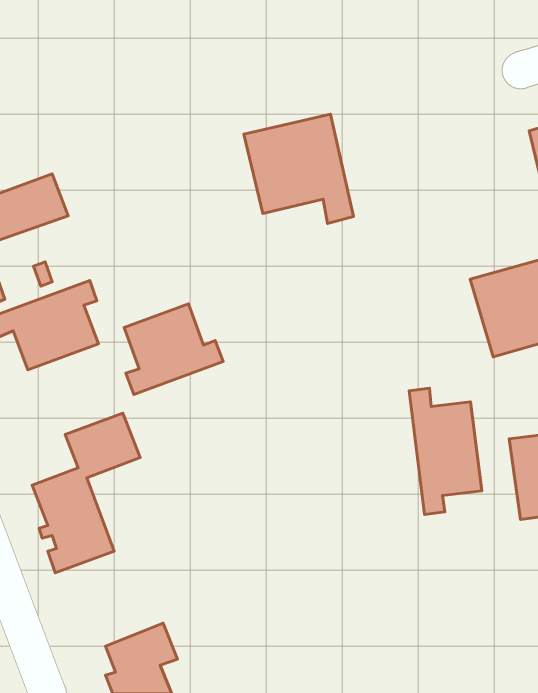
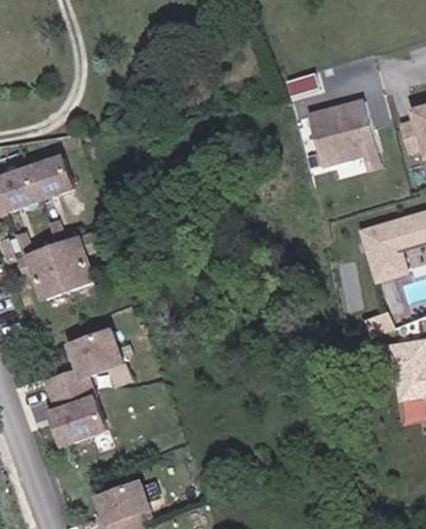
building: [244,114,353,224] -> [306,95,385,174]
building: [124,304,223,394] -> none
building: [409,388,482,514] -> none

